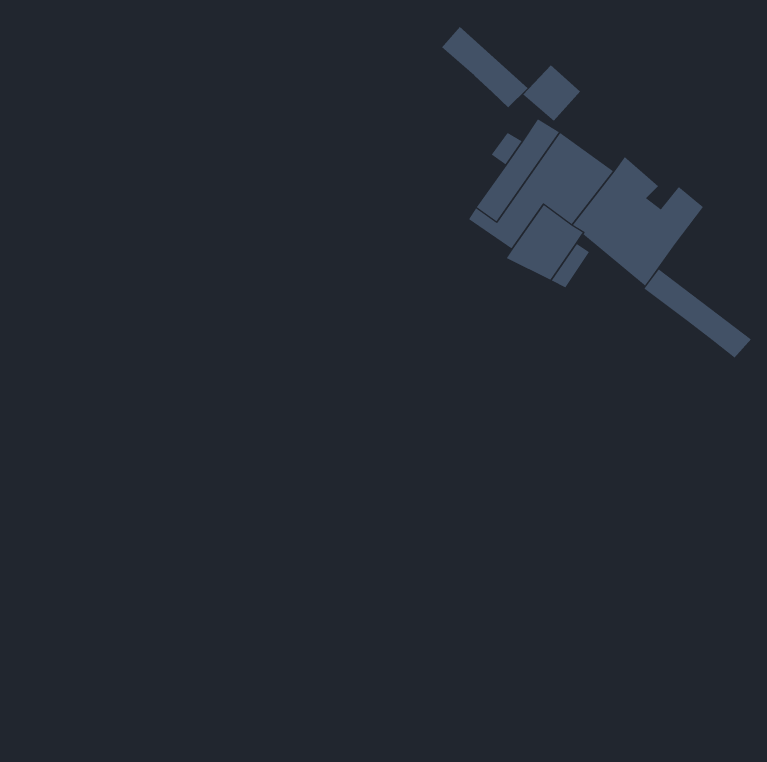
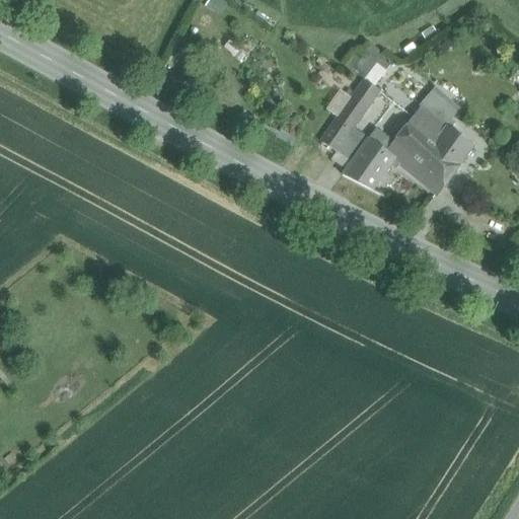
building: [441,26,529,108] -> none
building: none -> [422,90,458,126]
building: [644,269,752,359] -> none

